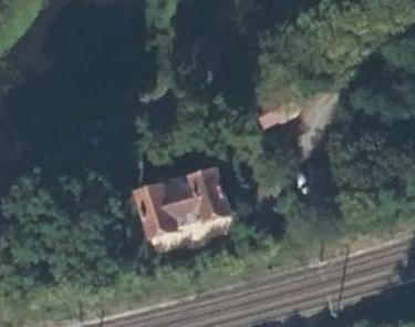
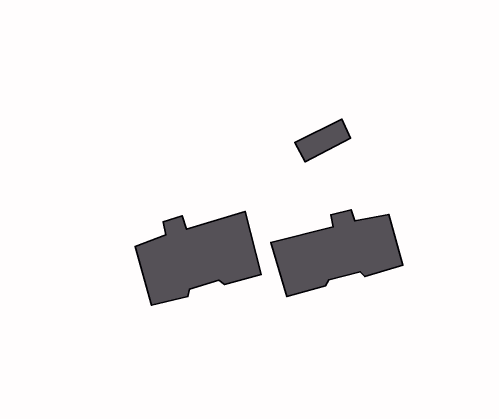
building: none -> [271,210,403,296]

